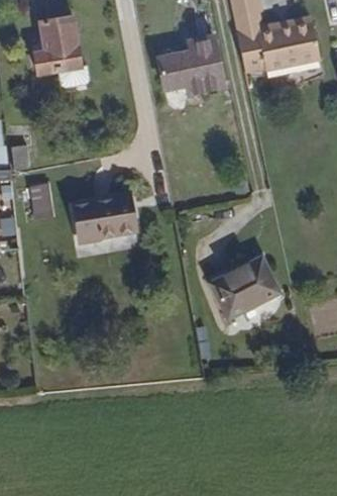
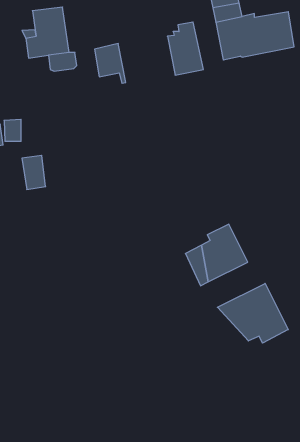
building: [161,54,195,96] -> [95,44,126,83]
building: [70,196,131,250] -> none
building: none -> [217,283,288,343]

